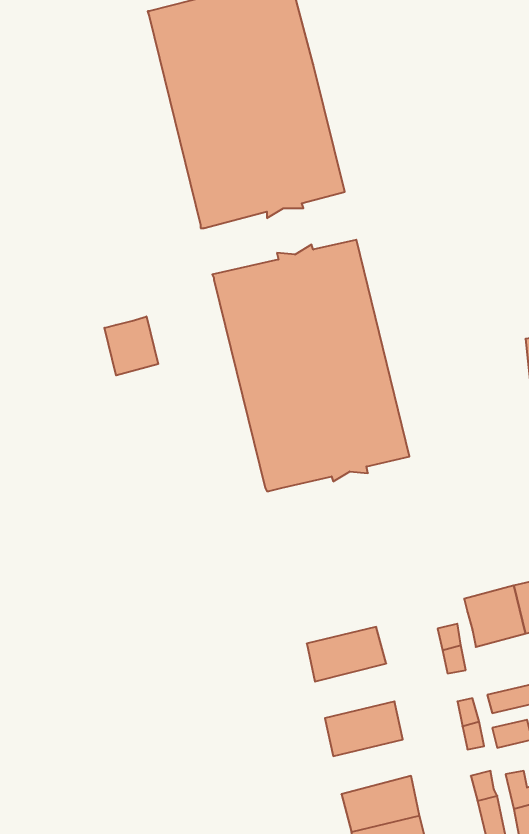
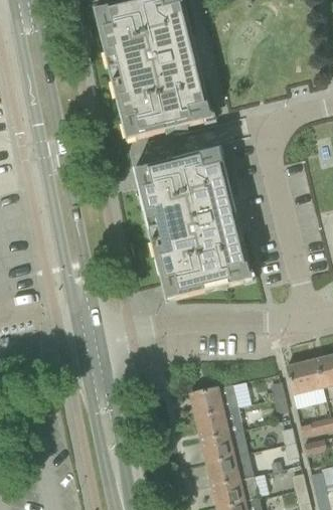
building: [104,316,158,375] -> none
building: none -> [195,404,243,438]
building: none -> [206,451,254,484]

